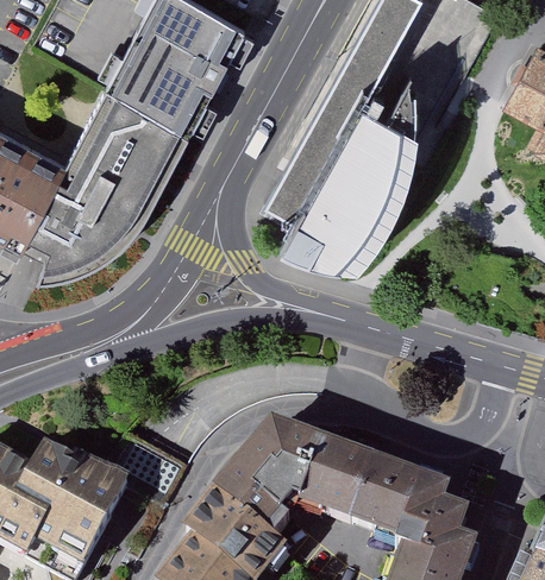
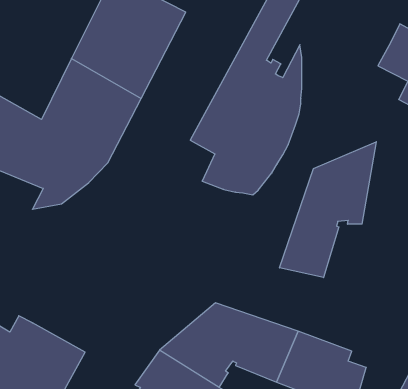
building: none -> [280,142,376,278]

